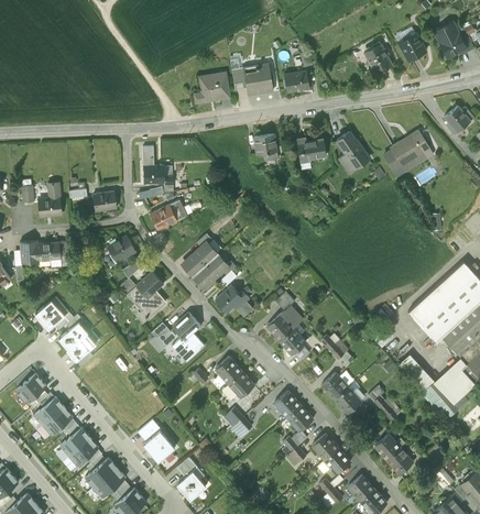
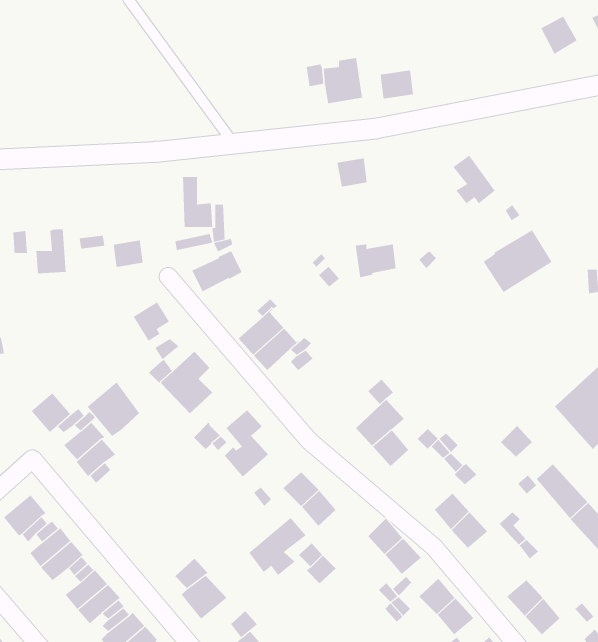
building: [364,42,391,73] -> none
building: [194,73,229,102] -> none
building: [382,131,432,176] -> [483,229,552,293]
building: [295,139,325,163] -> [355,244,396,278]
building: [21,242,59,264] -> none
building: [216,286,252,318] -> none
building: none -> [87,382,140,437]
building: none -> [249,517,306,576]

